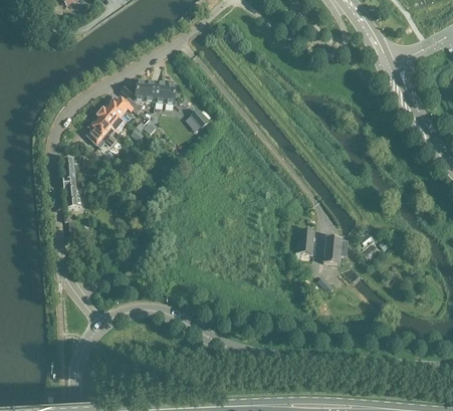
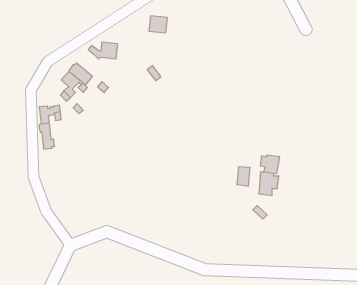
building: [155,82,177,102] -> [149,16,168,33]
building: [107,95,142,122] -> none
building: none -> [261,155,280,174]

